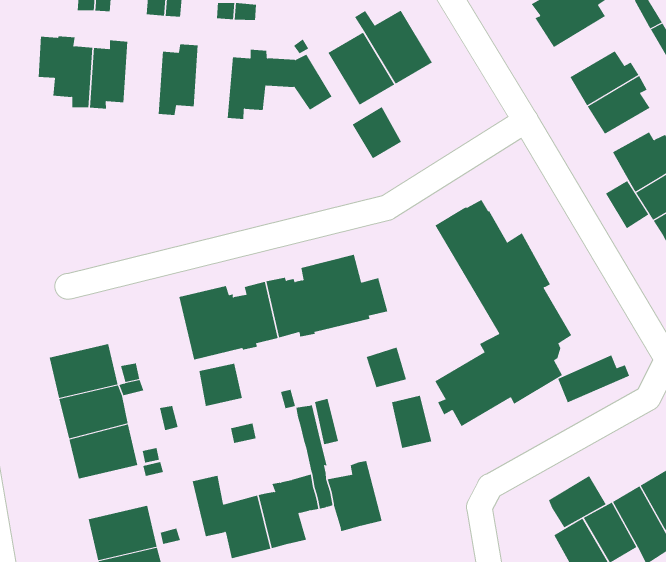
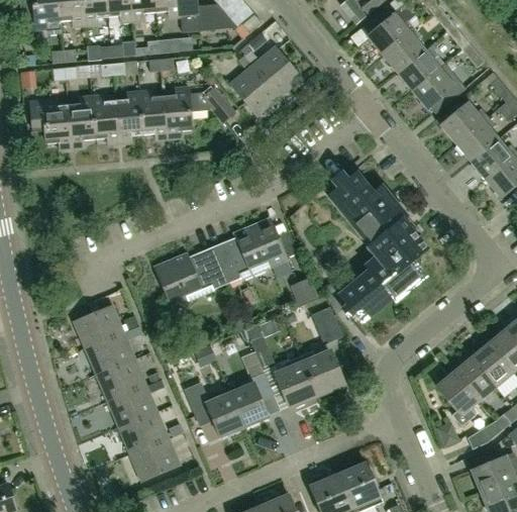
building: none -> [383,26,425,72]
building: none -> [92,95,120,143]
building: none -> [140,90,168,138]
building: [352,106,402,159] -> none
building: [605,180,649,229] -> none
building: [558,354,630,403] -> none
building: [199,363,243,407] -> none
building: none -> [301,350,345,395]
building: none -> [106,384,157,426]
building: [548,475,606,528] -> none

